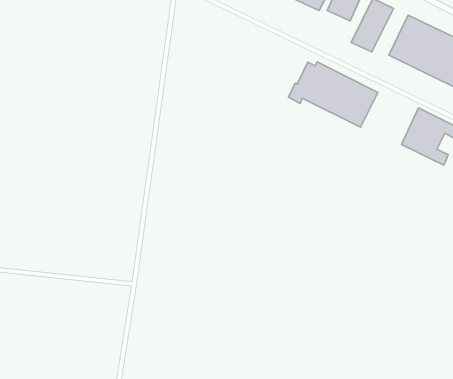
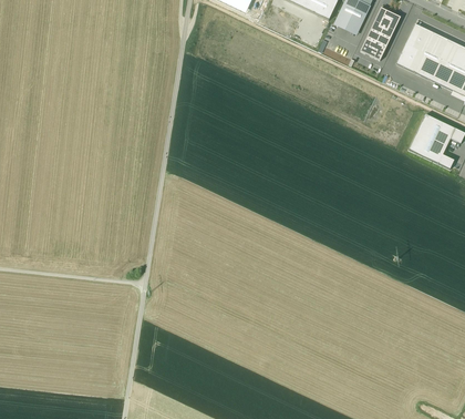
building: [288,62,378,127] -> none

